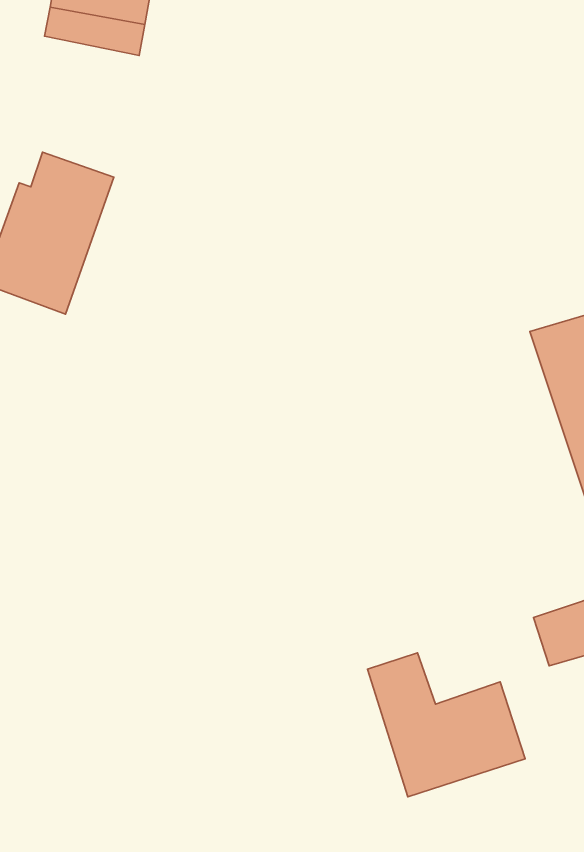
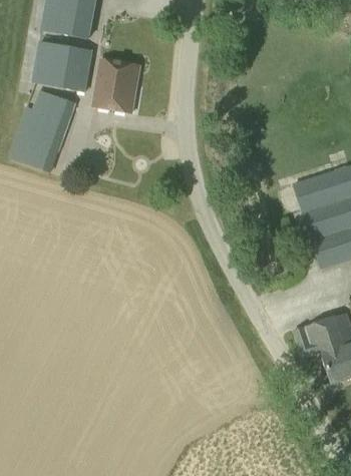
building: none -> [32,41,94,92]
building: none -> [93,60,138,111]
building: [368,653,525,797] -> none

